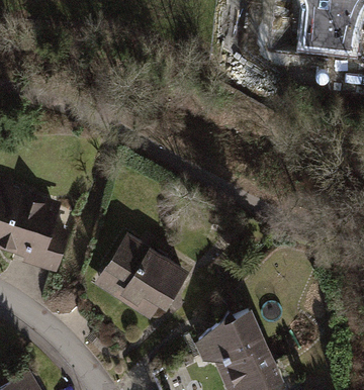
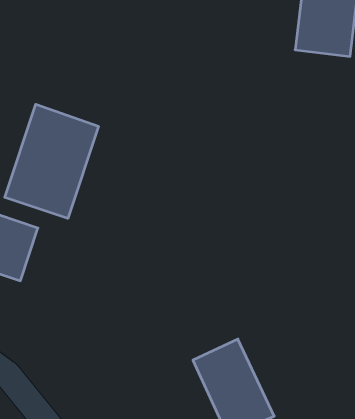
building: none -> [5,104,98,218]
building: [98,233,196,321] -> none

